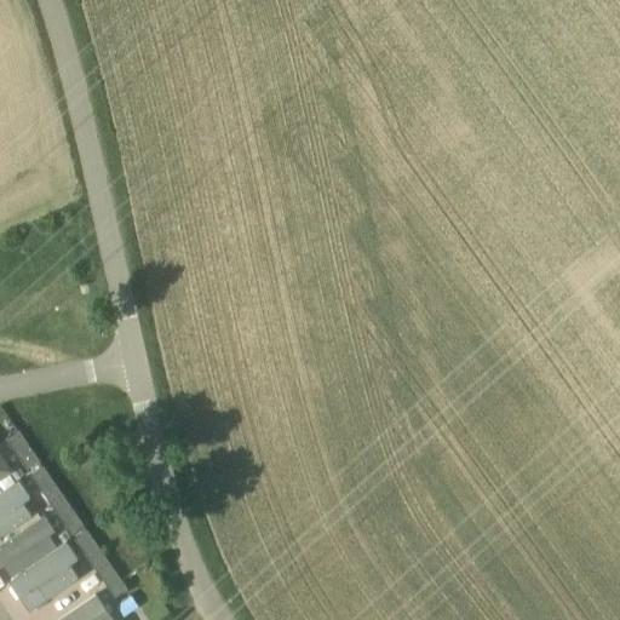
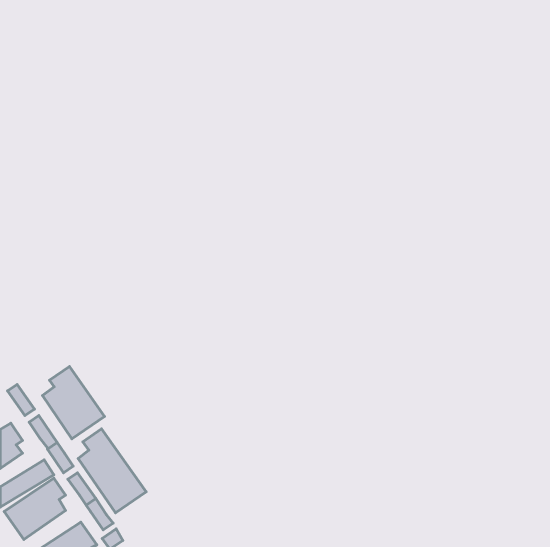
building: none -> [43,367,104,439]
building: none -> [78,429,146,513]

